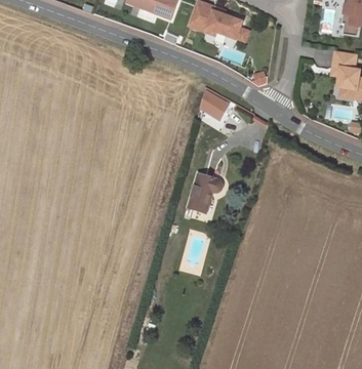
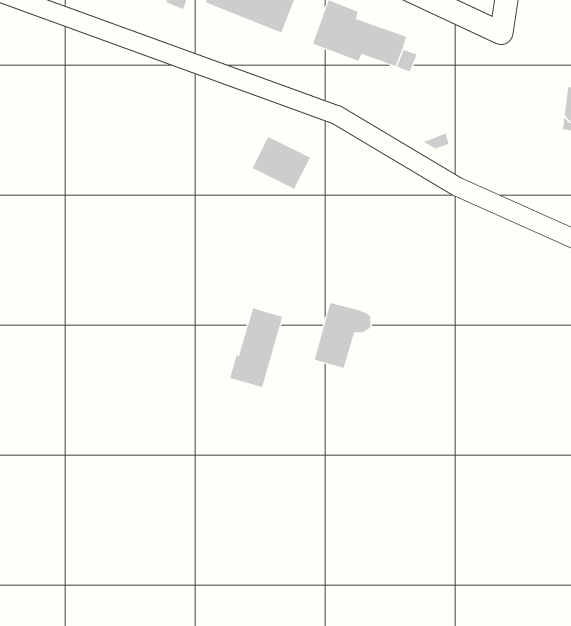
building: [198,90,232,121] -> [252,136,311,190]
building: none -> [230,308,283,388]

